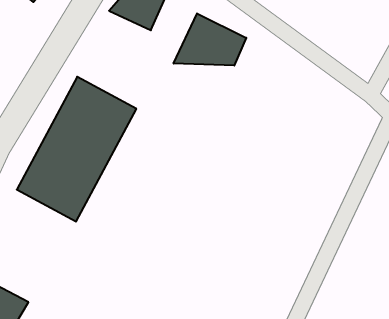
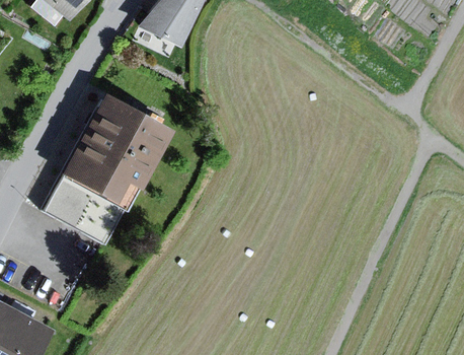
building: [174,13,246,66] -> none

